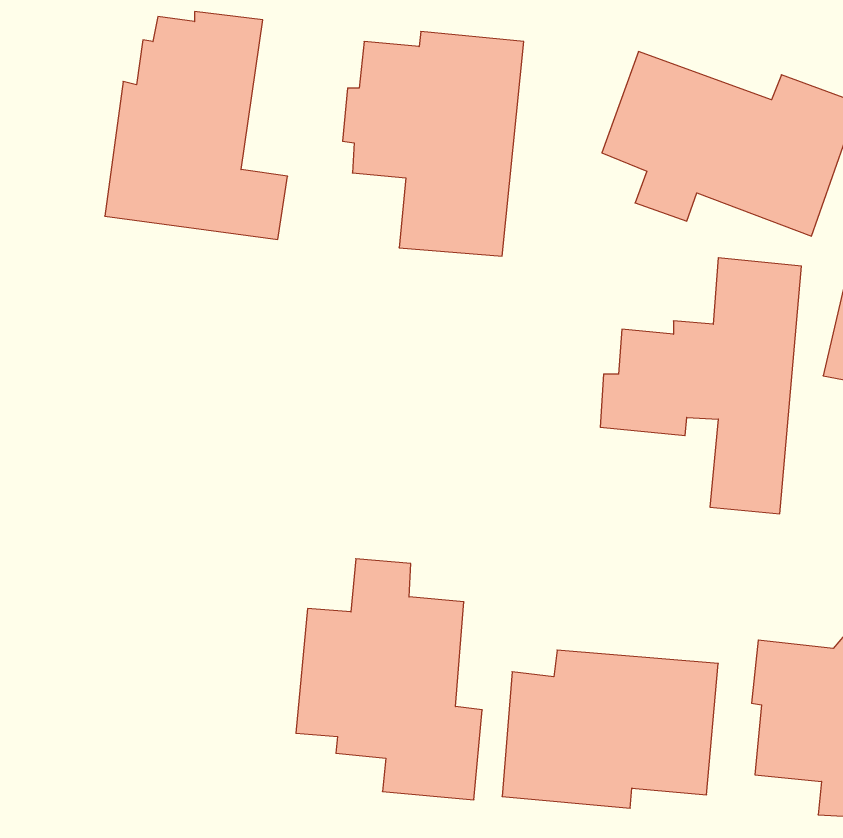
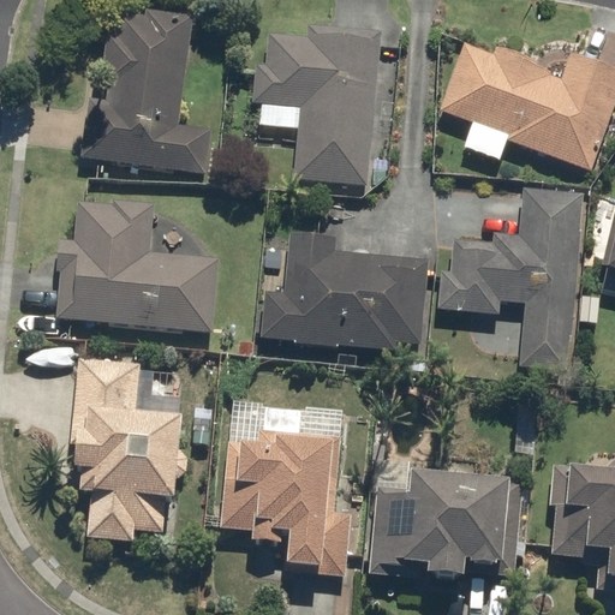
building: none -> [55,199,219,333]
building: none -> [259,232,428,352]
building: none -> [67,358,179,544]

